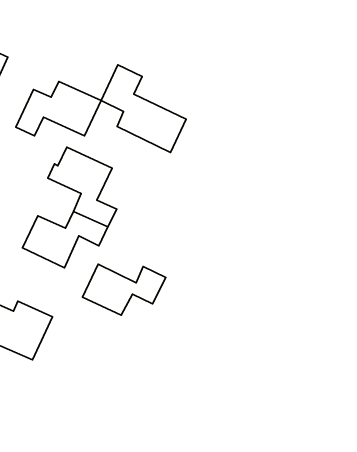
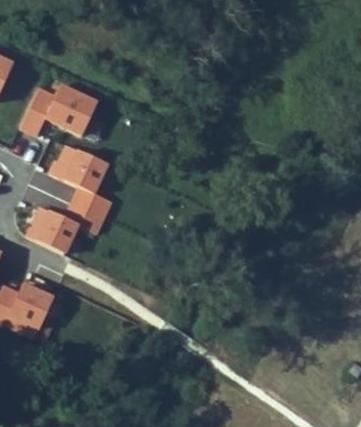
building: [101,65,186,152] -> none
building: [82,264,166,315] -> none

